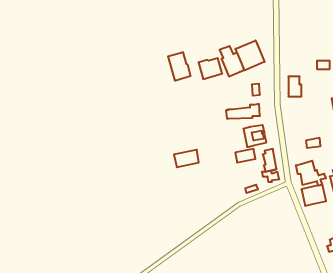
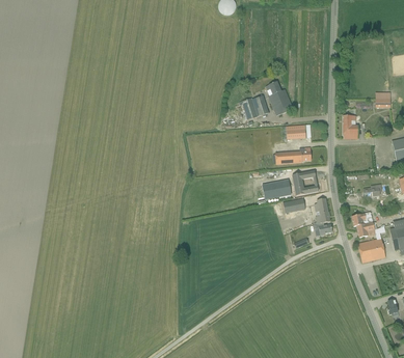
building: [235,40,265,70] -> none
building: [168,52,191,81] -> none
building: [174,150,199,167] -> [262,180,290,199]

